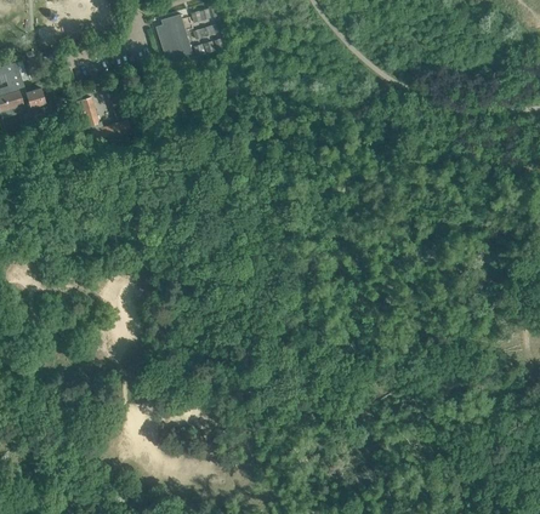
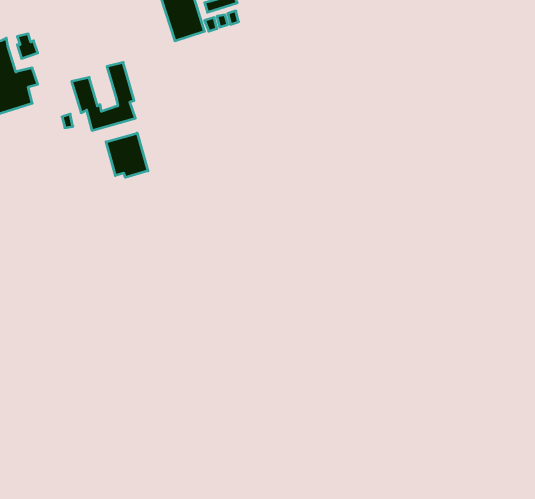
building: none -> [106,133,148,177]

